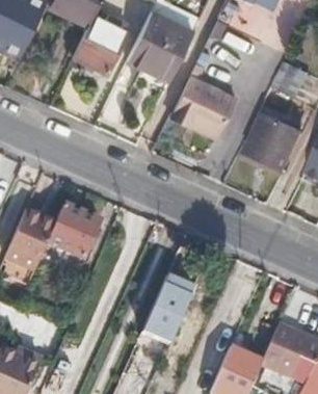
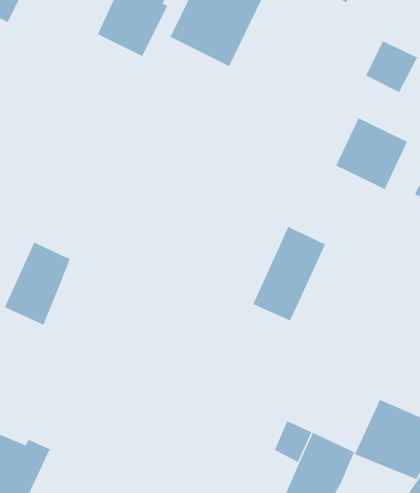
building: [171,76,237,139] -> none
building: [46,204,99,258] -> none
building: [141,273,195,343] -> [252,226,326,321]

